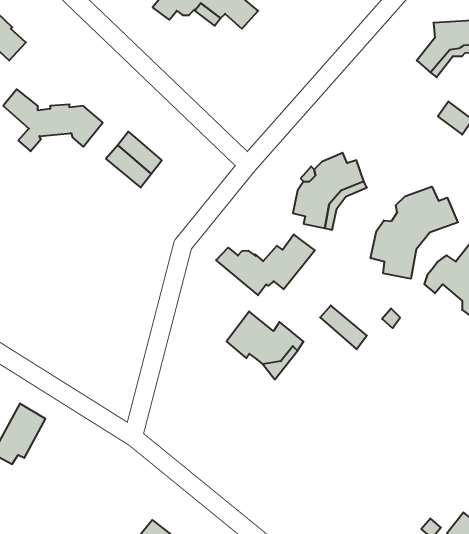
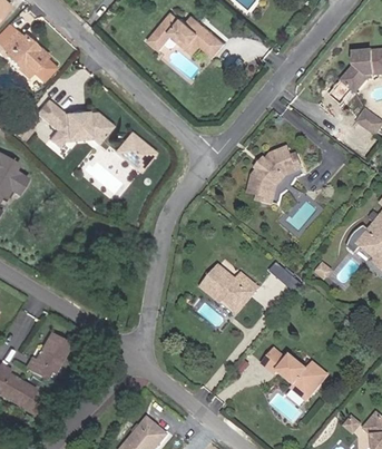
building: [371,187,458,279] -> none
building: [216,234,315,295] -> none
building: none -> [262,349,330,401]

